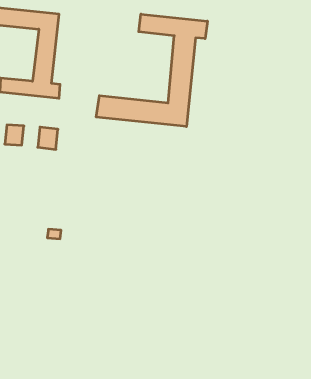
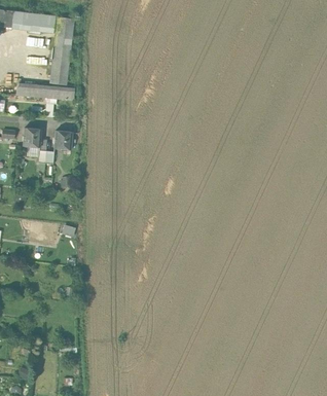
building: [96,14,207,127] -> none

